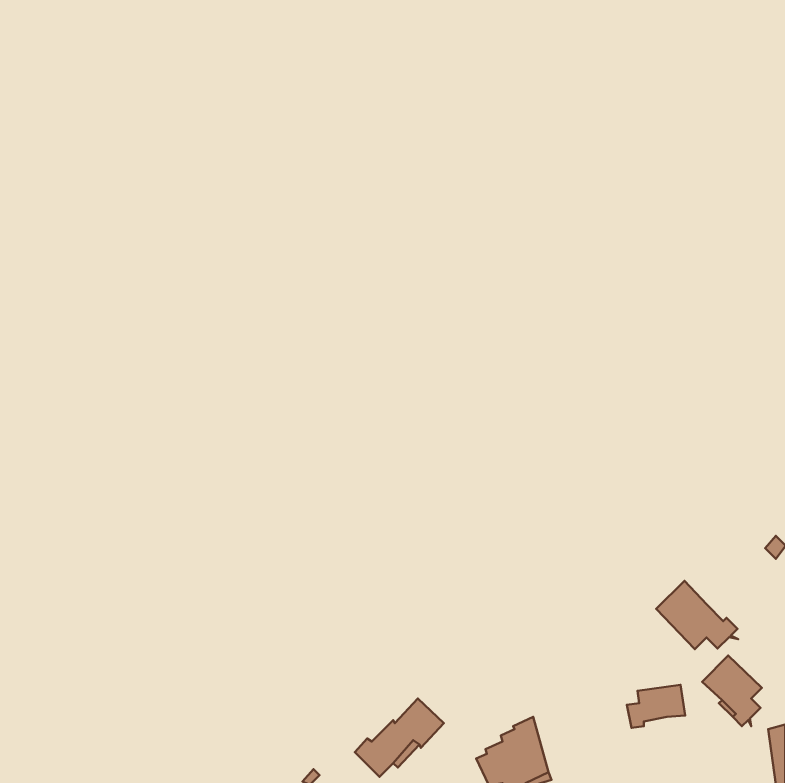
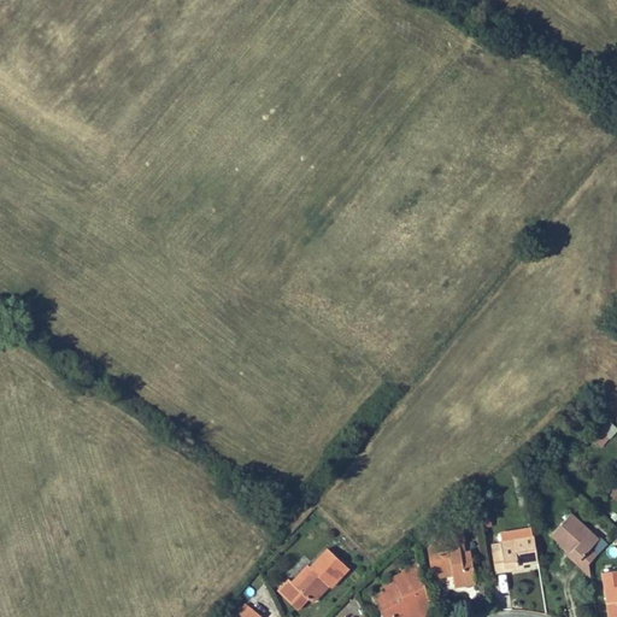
building: [656,581,738,649] -> none
building: none -> [428,530,475,587]

